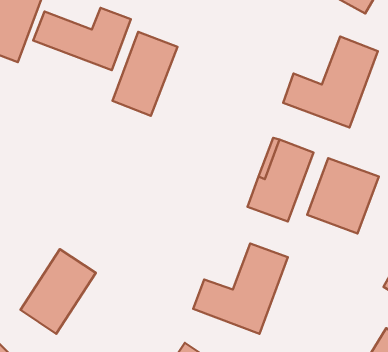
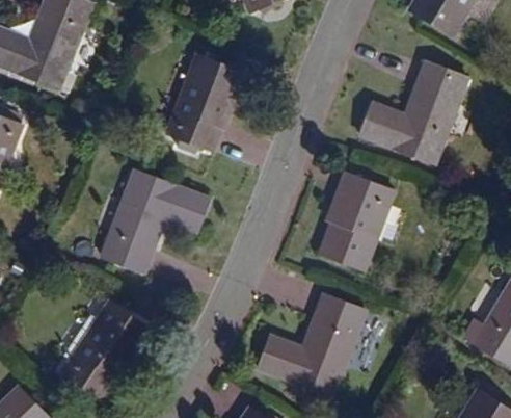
building: [33,8,131,70] -> none
building: none -> [101,171,209,272]
building: [307,158,379,233] -> none

